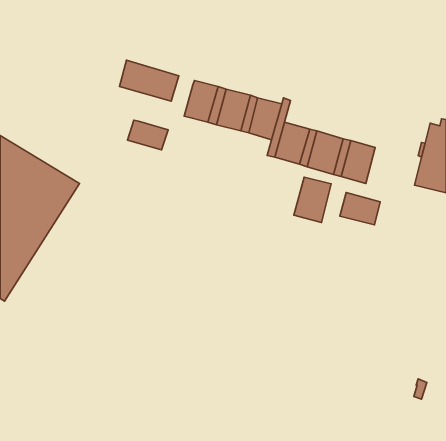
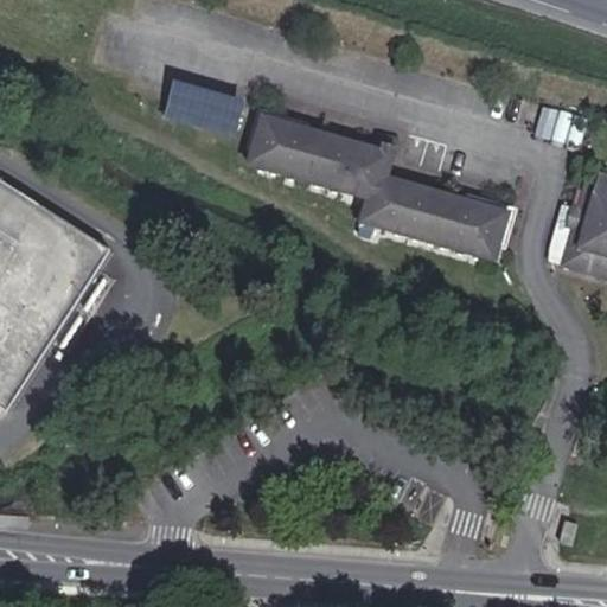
building: [128,120,168,150] -> none
building: [294,177,331,223] -> none
building: [340,193,380,225] -> none

